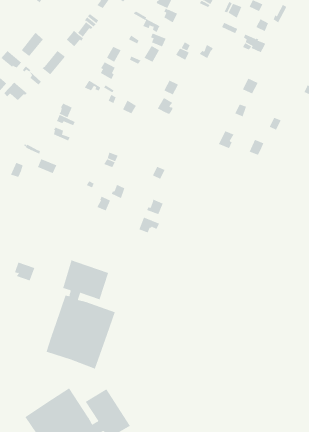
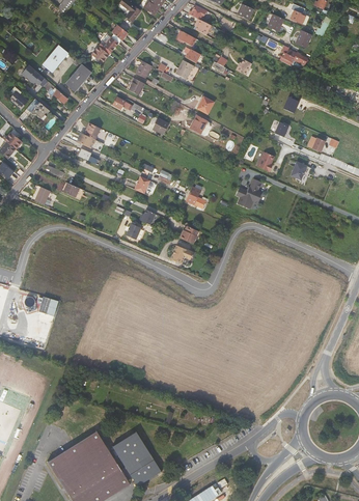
building: none -> [236,178,260,208]
building: [46,259,115,369] -> none

